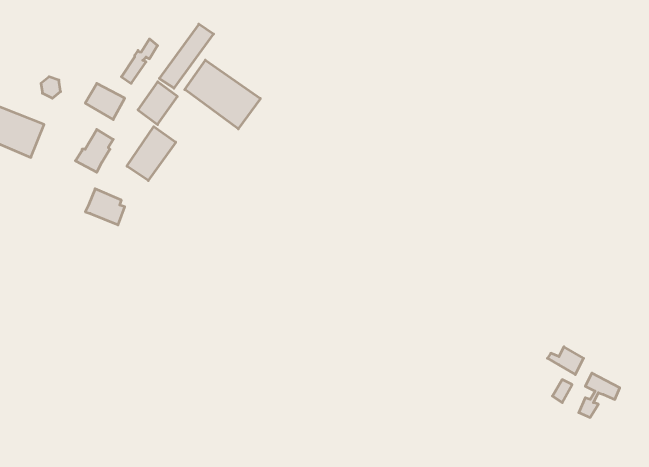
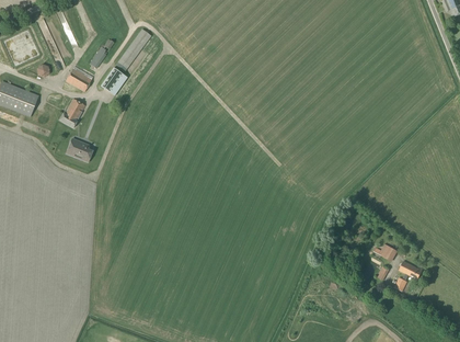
building: [185,60,260,129] -> none
building: [127,127,176,181] -> none

